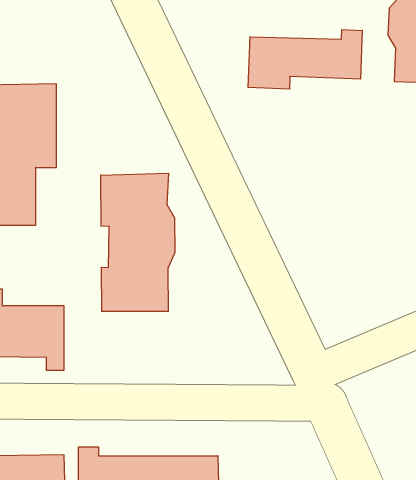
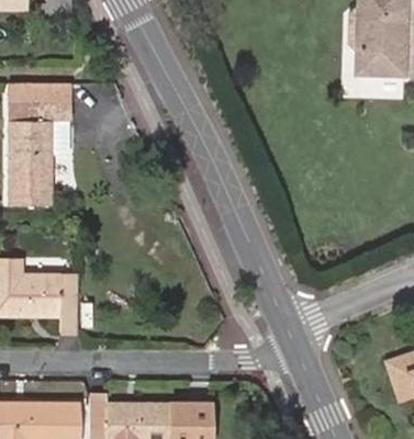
building: [248,30,362,89] -> none
building: [101,173,175,312] -> none

